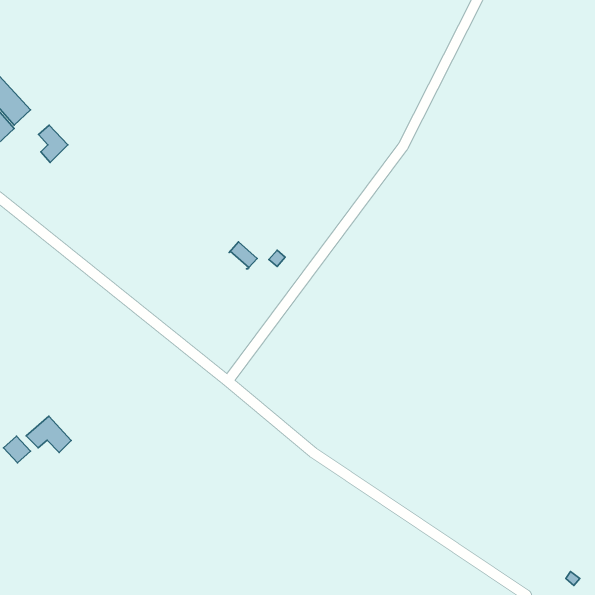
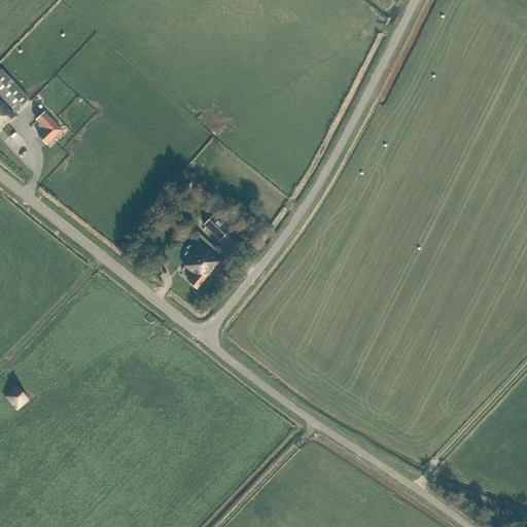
building: none -> [182,244,218,287]
building: [26,416,71,452] -> none

